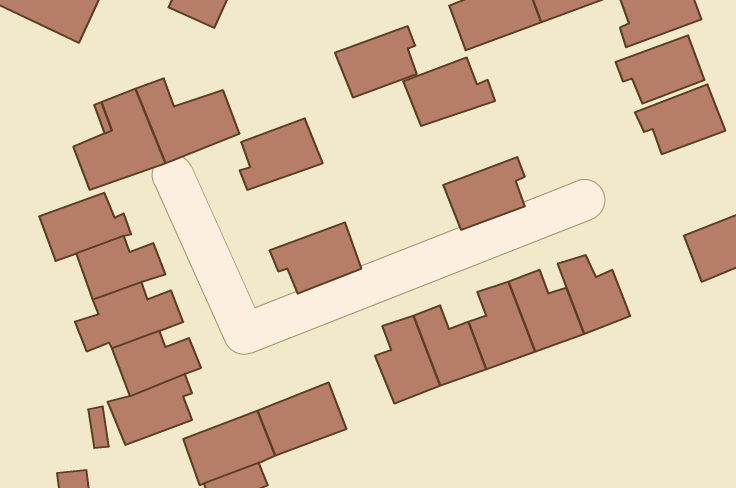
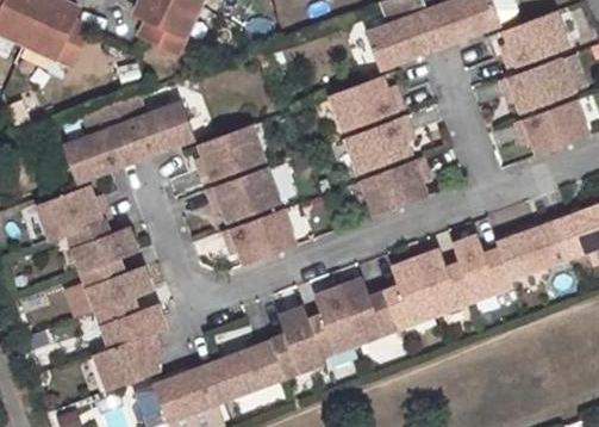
building: [335,26,417,97] -> [345,117,411,174]
building: none -> [206,168,280,223]
building: none -> [495,219,568,278]
building: none -> [269,303,323,375]

